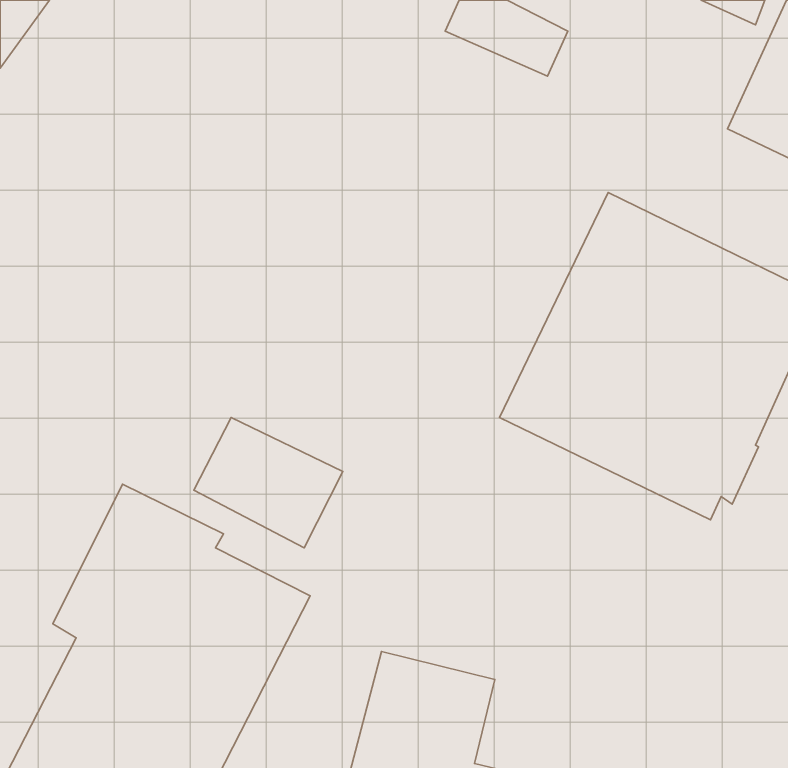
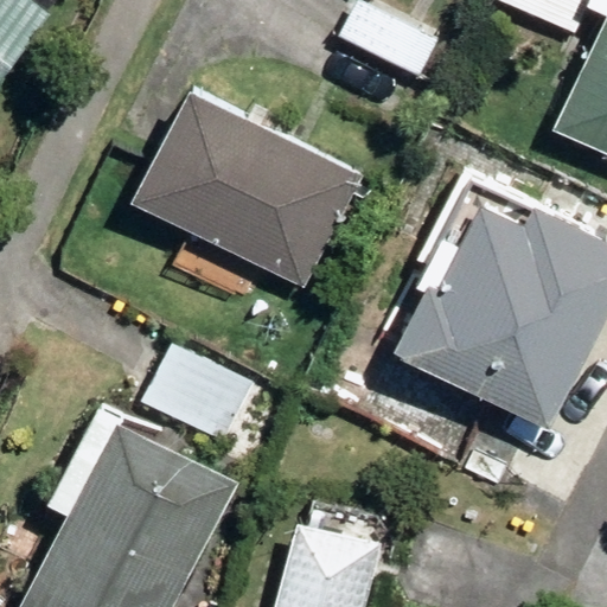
building: none -> [132,78,368,279]

